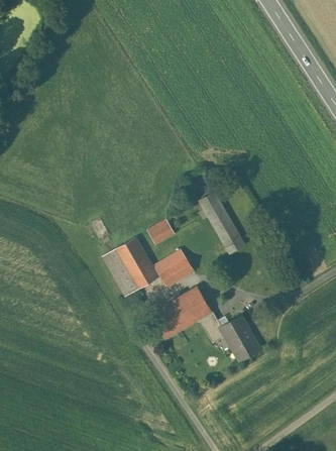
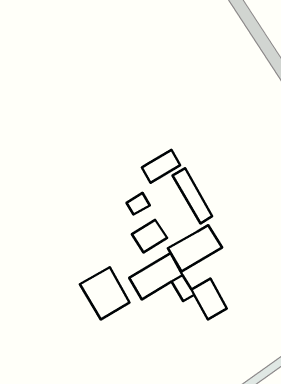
building: none -> [142,150,180,183]
building: [103,238,158,297] -> [80,267,130,320]
building: none -> [168,225,222,271]

